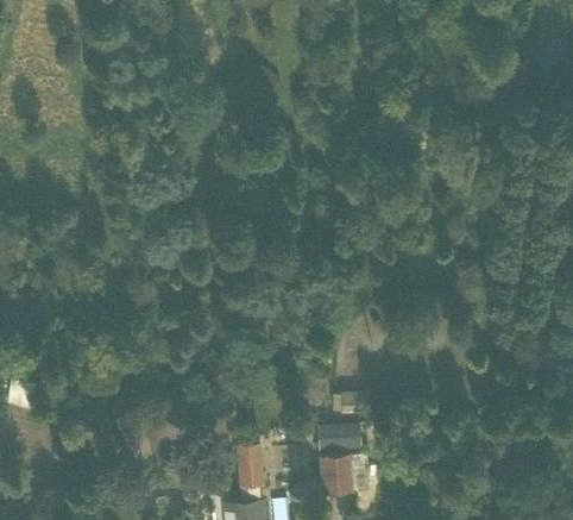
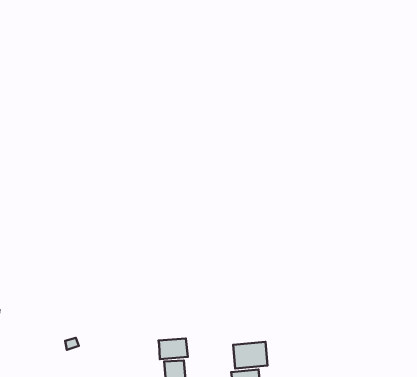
building: none -> [158,338,188,359]

